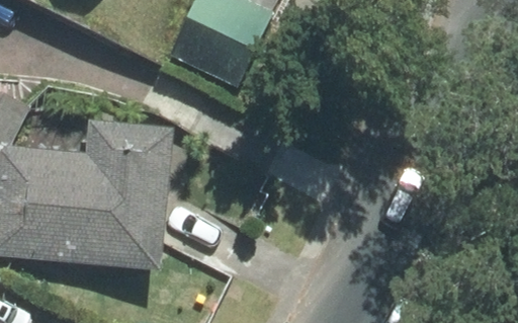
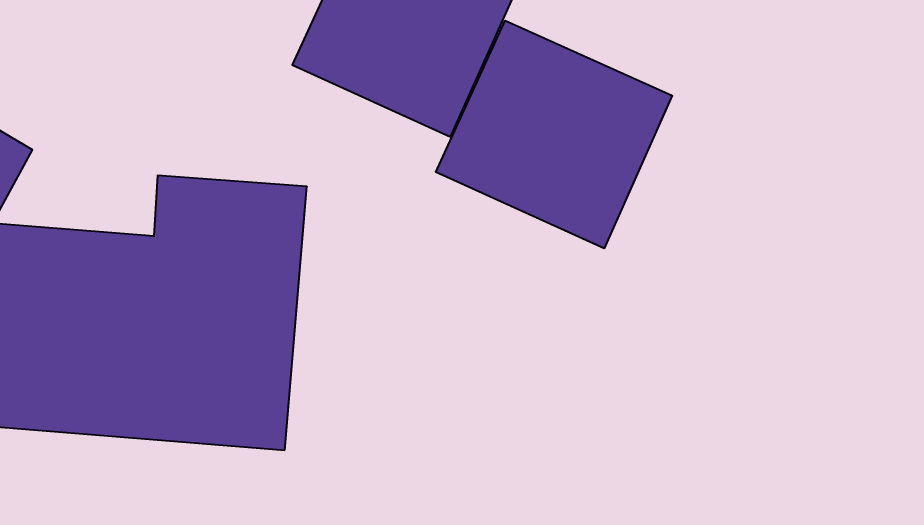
building: none -> [436,21,672,248]

